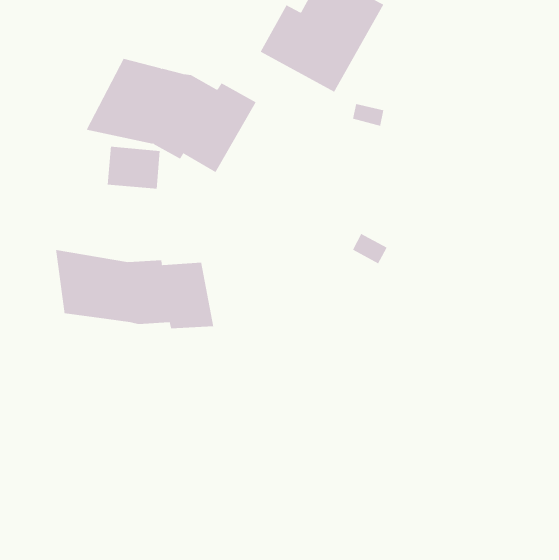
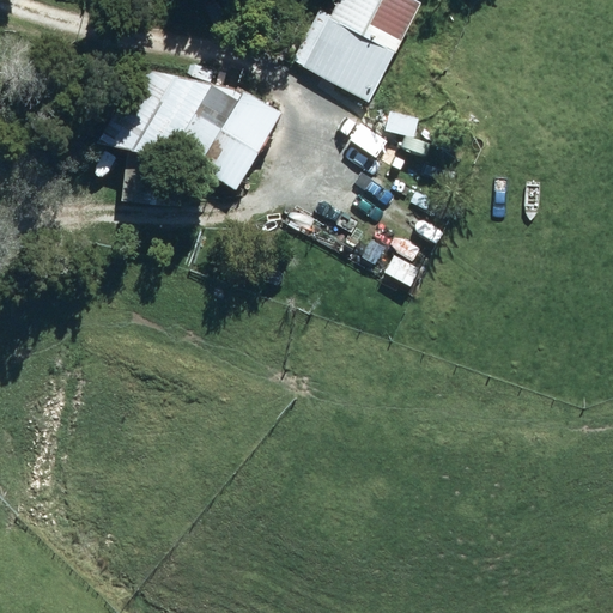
building: [56,249,214,329] -> none

